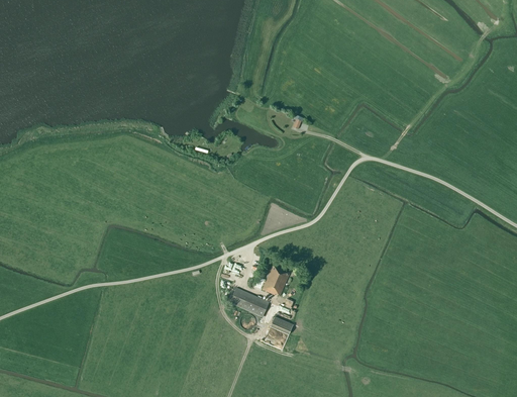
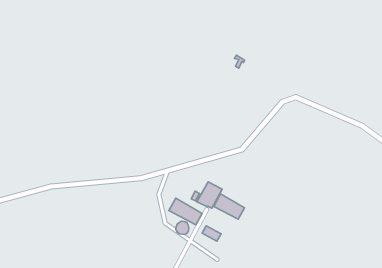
building: none -> [214,194,245,219]

